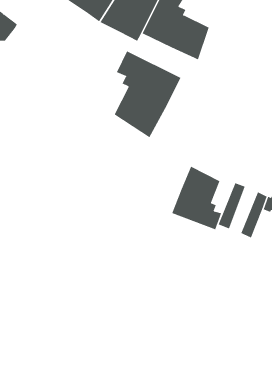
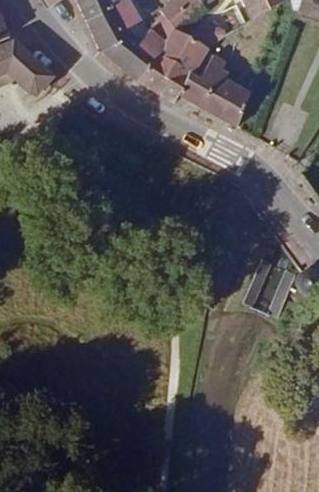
building: [114,51,181,138] -> none
building: [172,166,222,230] -> none

